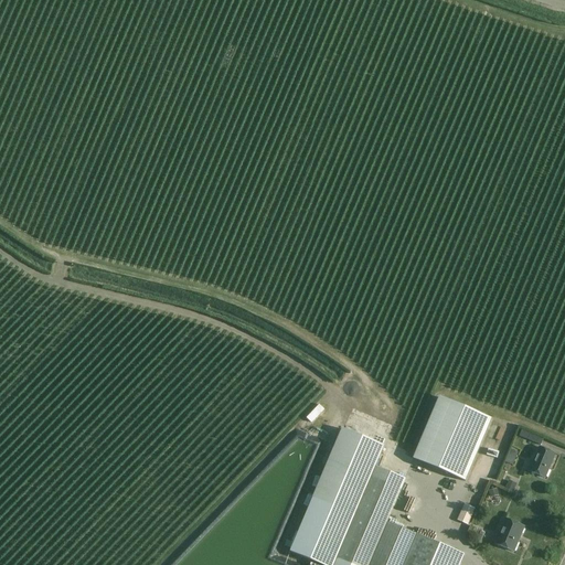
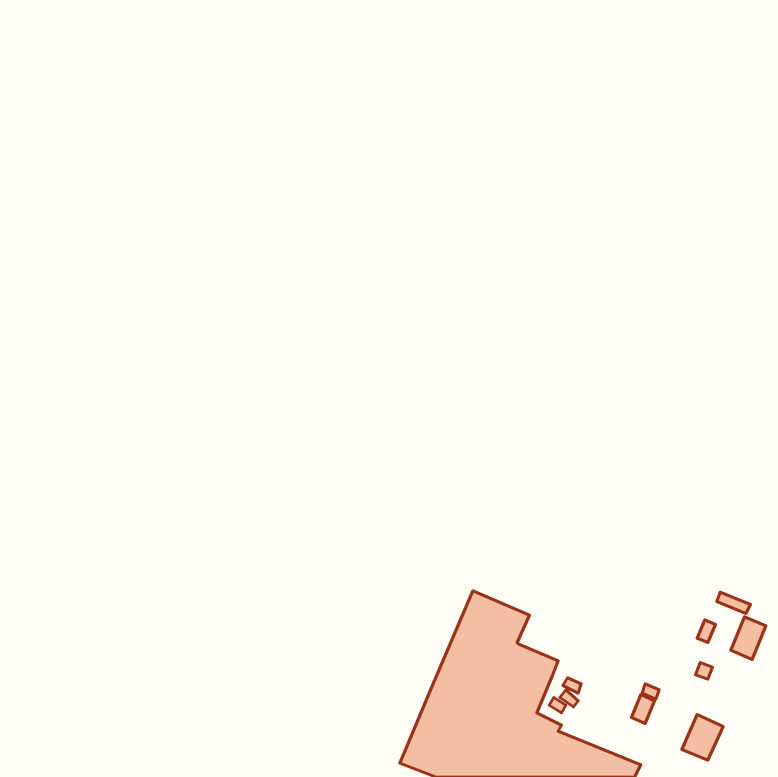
building: [413,396,491,480] -> none

